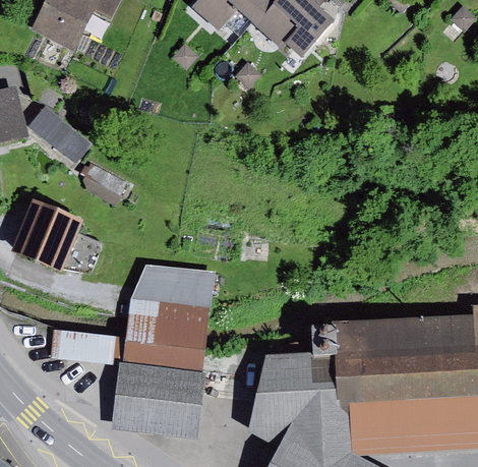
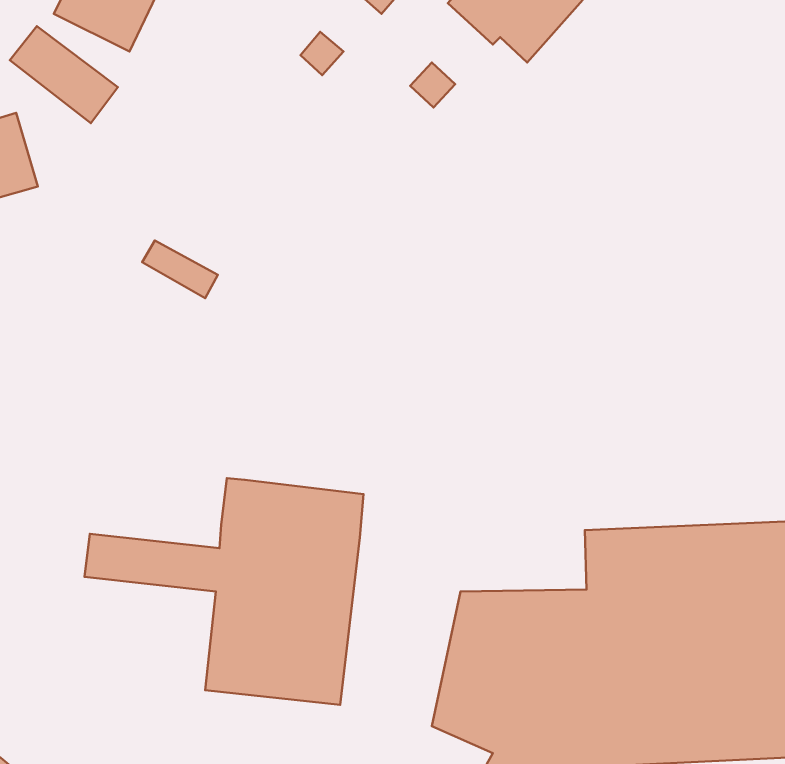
building: [29,108,91,163] -> [10,26,118,123]
building: [15,201,100,270] -> none
building: [141,260,213,304] -> none

